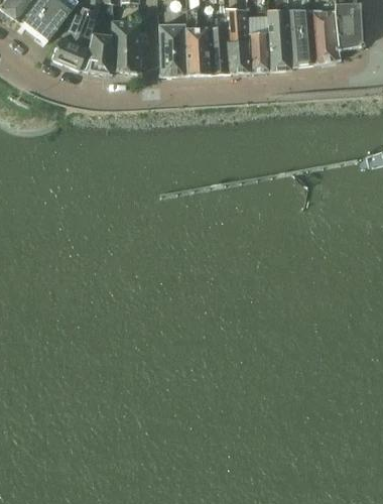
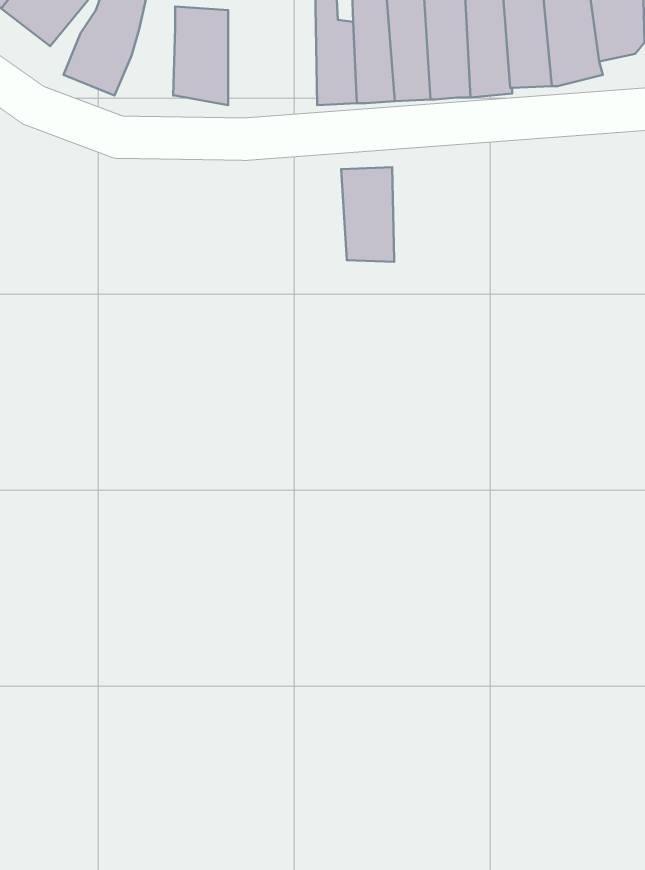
building: [159,23,187,74] -> [341,167,394,262]
building: [88,30,114,73] -> none

